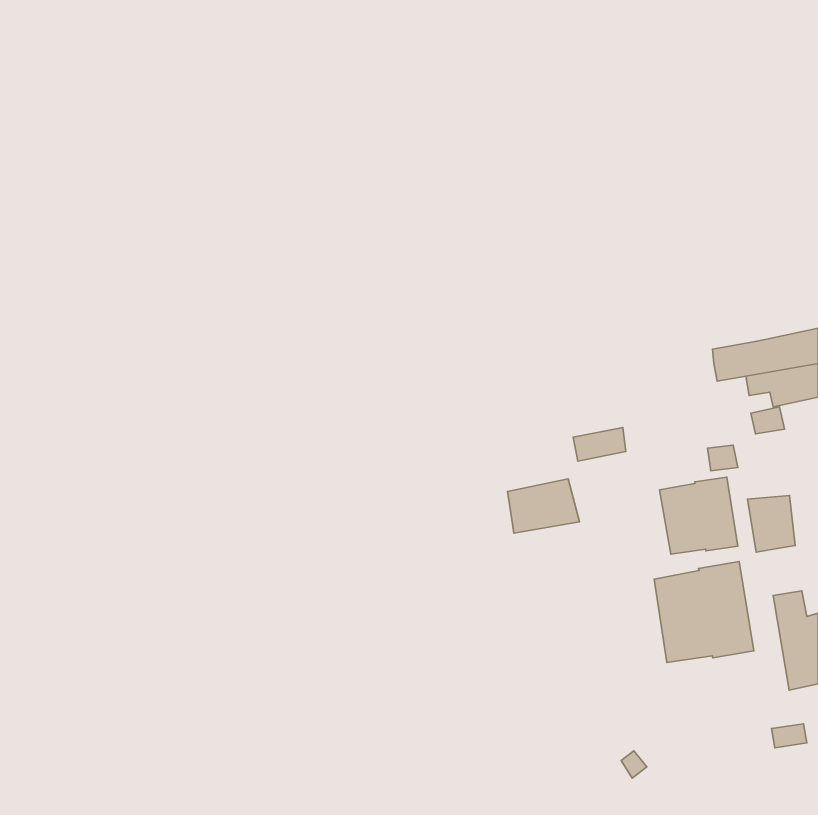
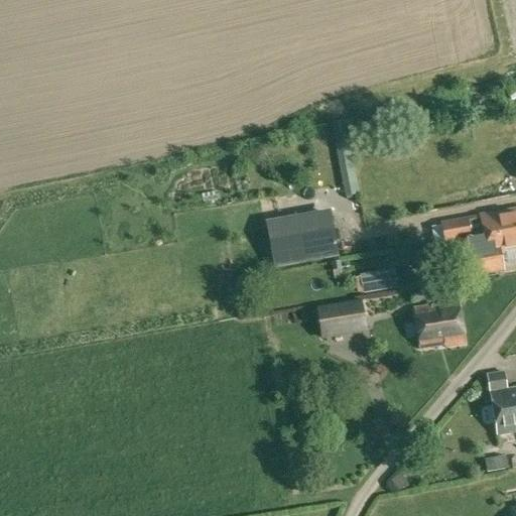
building: none -> [266,211,338,265]
building: [747,495,795,552] -> none
building: [654,561,754,662] -> none

